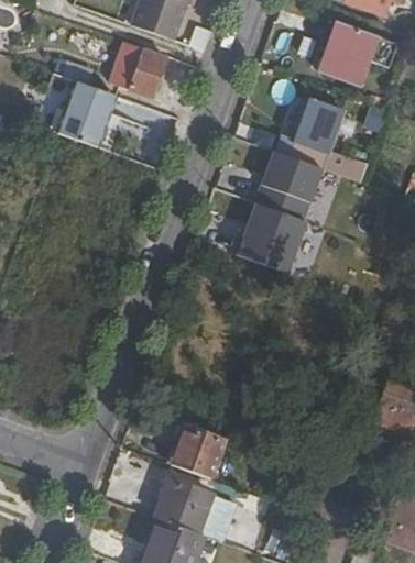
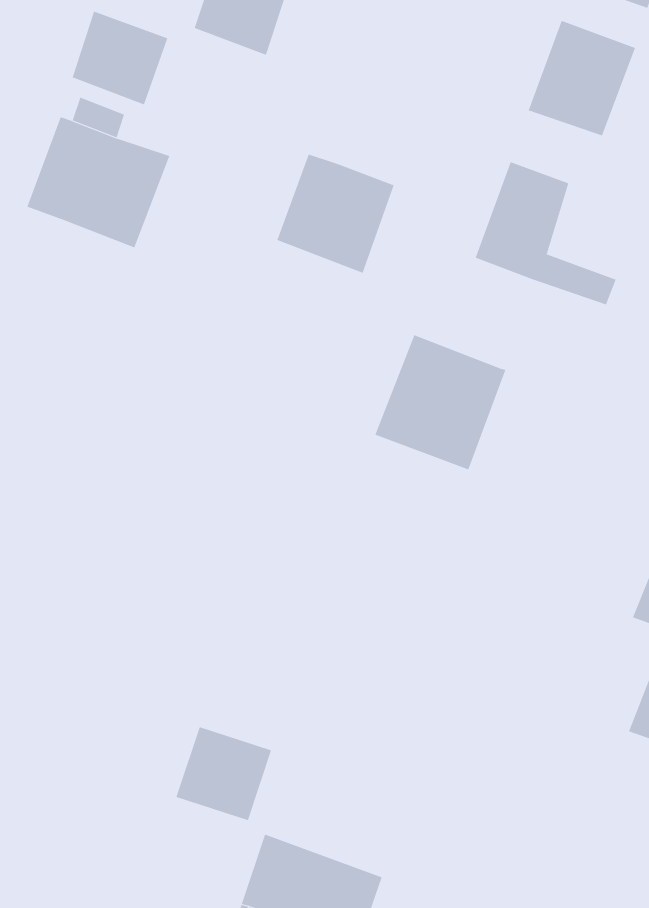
building: [113,46,167,99] -> [72,11,168,105]
building: [254,150,320,217] -> [277,154,395,274]
building: [172,426,226,478] -> [176,726,272,821]

